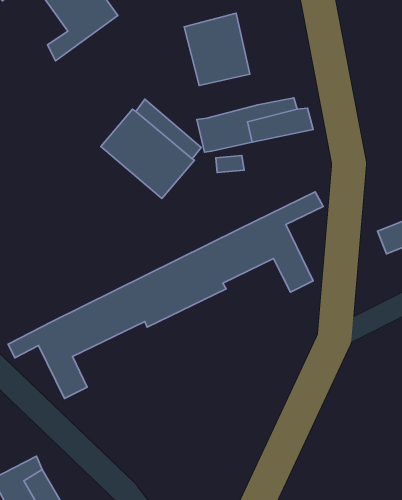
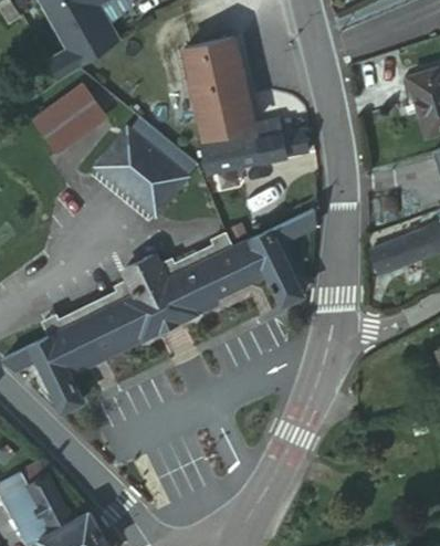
building: none -> [33,87,101,148]
building: none -> [196,94,253,137]
building: none -> [45,233,235,336]

